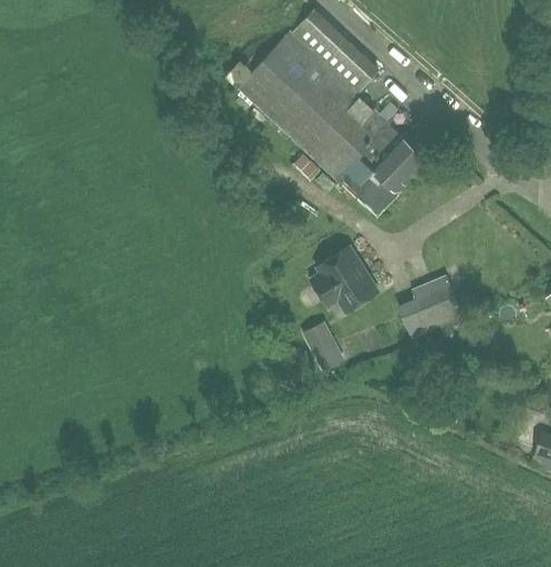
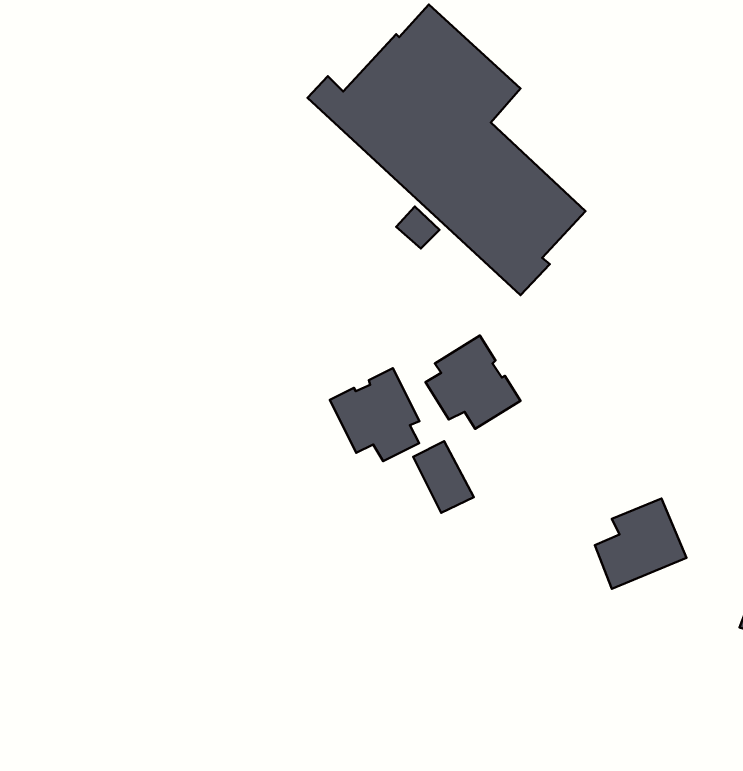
building: none -> [330,368,419,461]
building: [399,276,465,340] -> [595,499,686,589]

